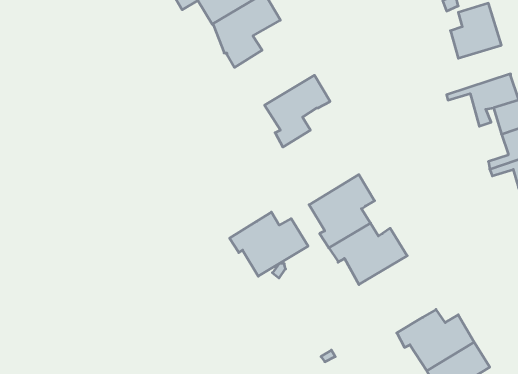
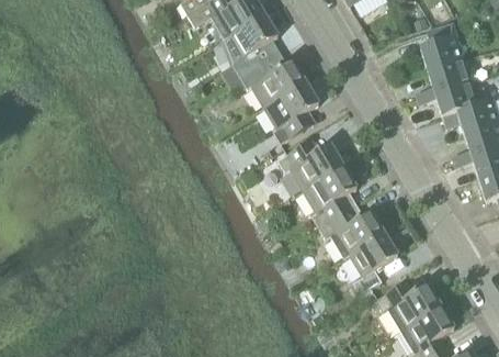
building: none -> [415,57,470,99]
building: none -> [239,59,306,108]
building: [230,212,308,276] -> [277,137,343,191]
building: none -> [349,234,396,293]

